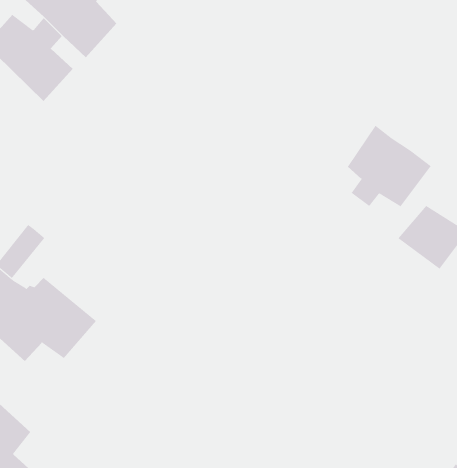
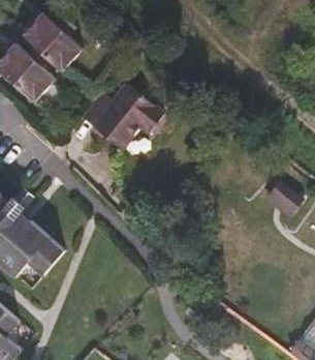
building: none -> [81,83,165,148]
building: [347,125,432,207] -> none

